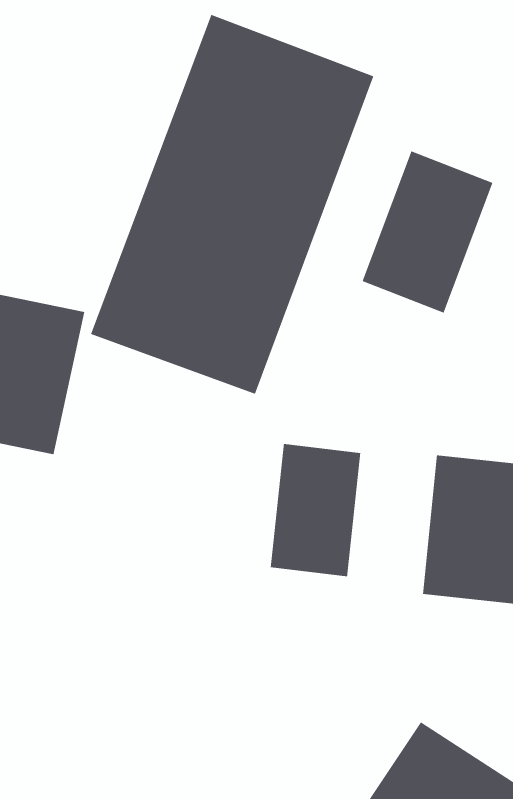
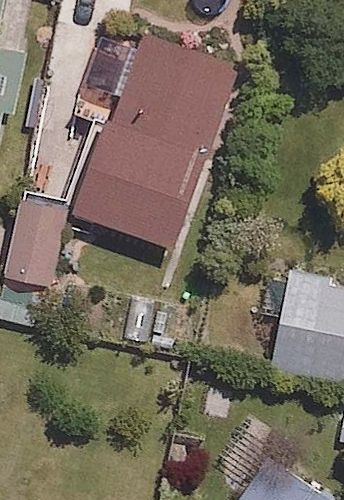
building: [362,150,493,314] -> none
building: [270,443,361,577] -> none

